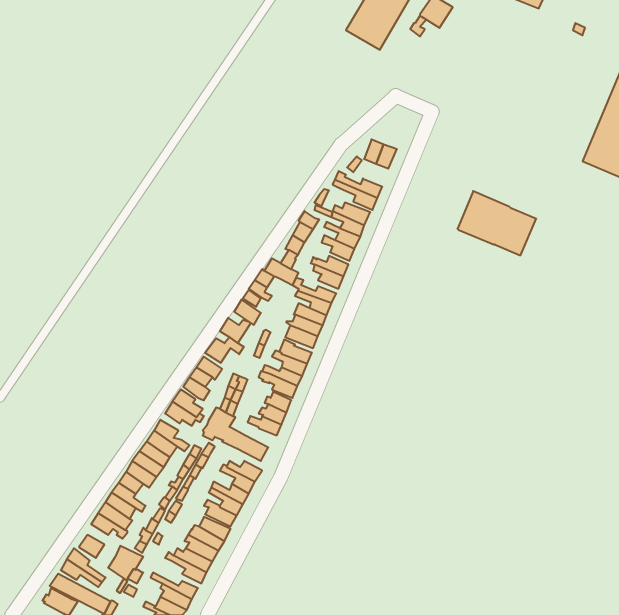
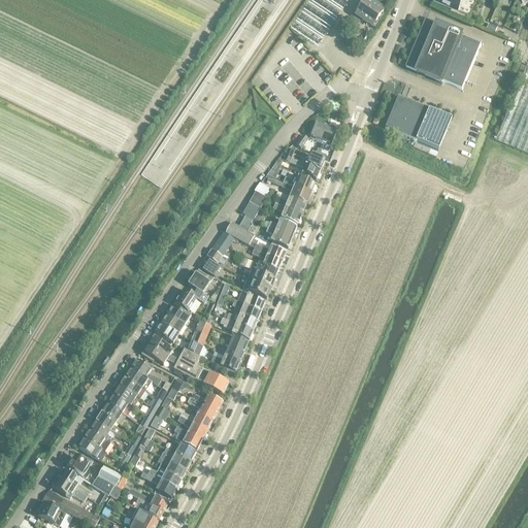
building: none -> [406,18,482,87]
building: [457,191,536,255] -> [386,93,453,147]

